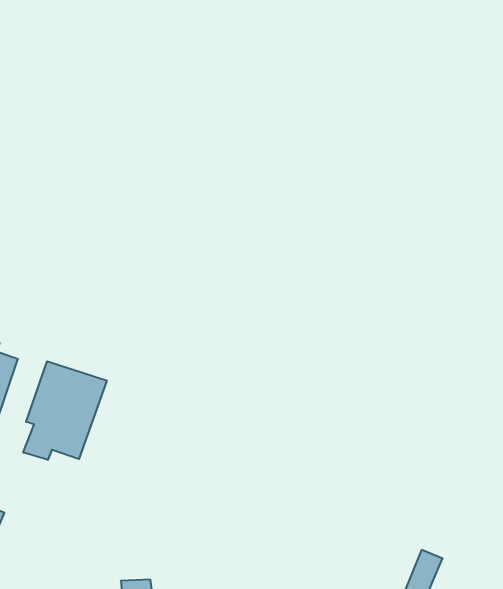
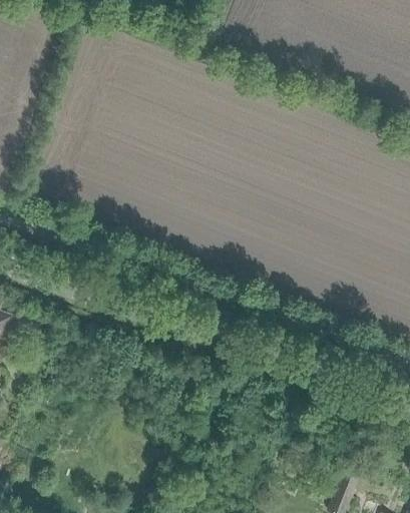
building: [23,361,107,460] -> none

